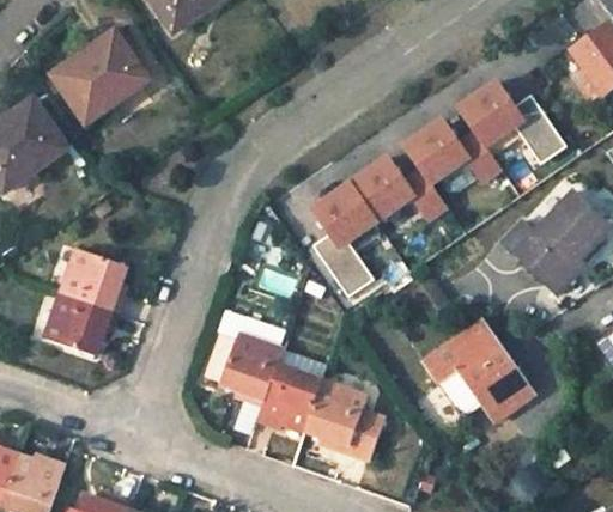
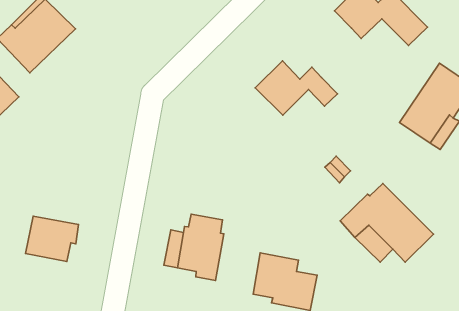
building: [405,120,502,184] -> none
building: [310,183,377,297] -> none
building: [59,246,122,310] -> none
building: [259,364,322,428] -> none

